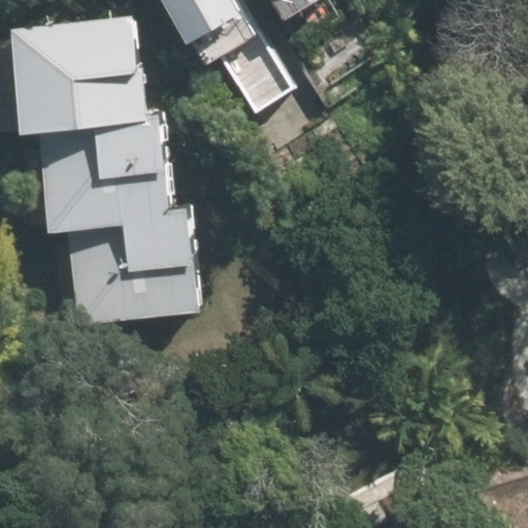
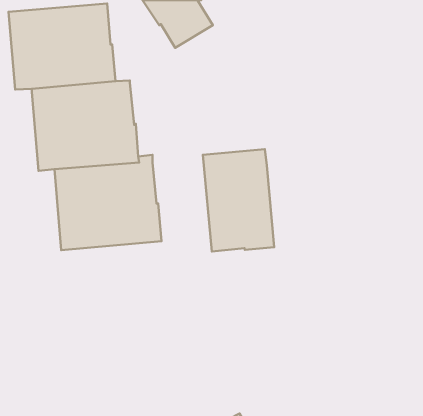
building: none -> [203,149,274,251]

